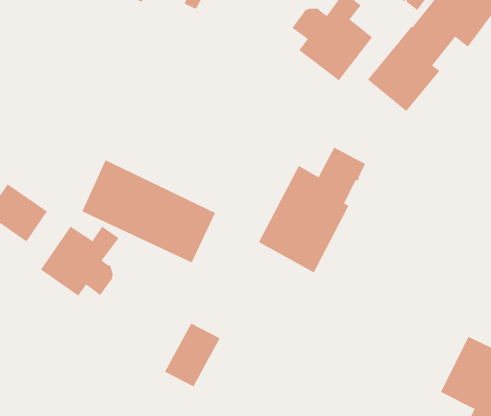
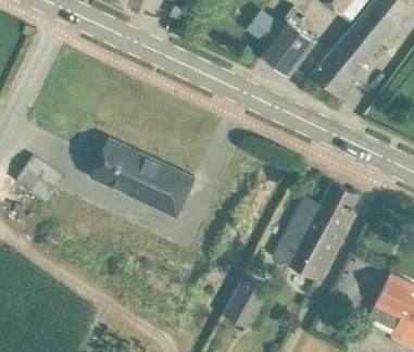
building: [258,147,366,273] -> [274,181,357,279]
building: [40,226,119,297] -> none
building: [164,323,220,387] -> [225,275,268,325]

